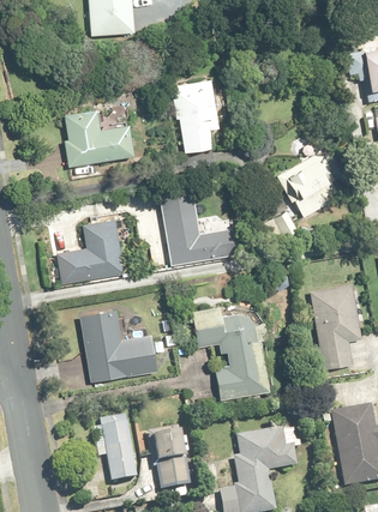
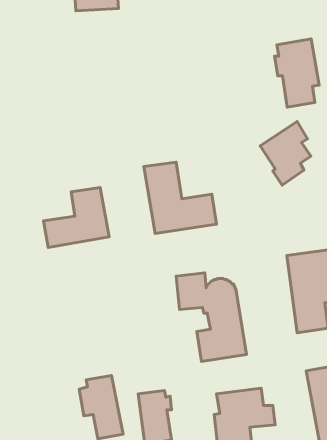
building: [172,79,218,150] -> [274,39,319,107]
building: [65,112,133,164] -> none
building: [79,308,158,383] -> none

